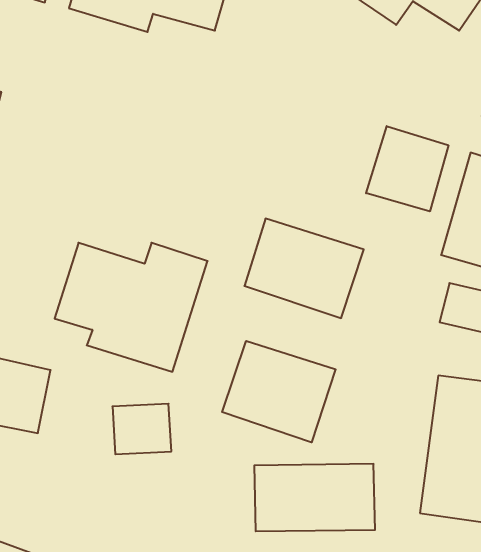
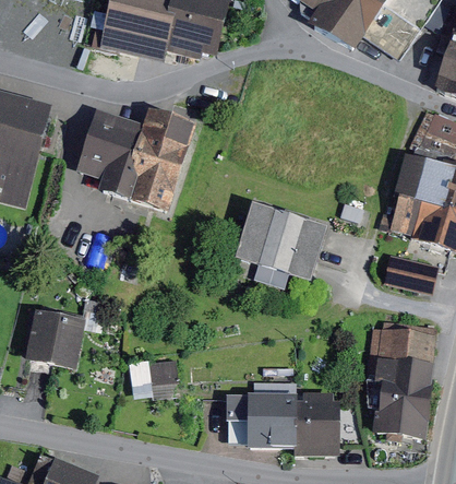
building: [366,126,448,211] -> none
building: [55,243,208,372] -> [75,110,194,211]
building: [222,341,336,442] -> none

